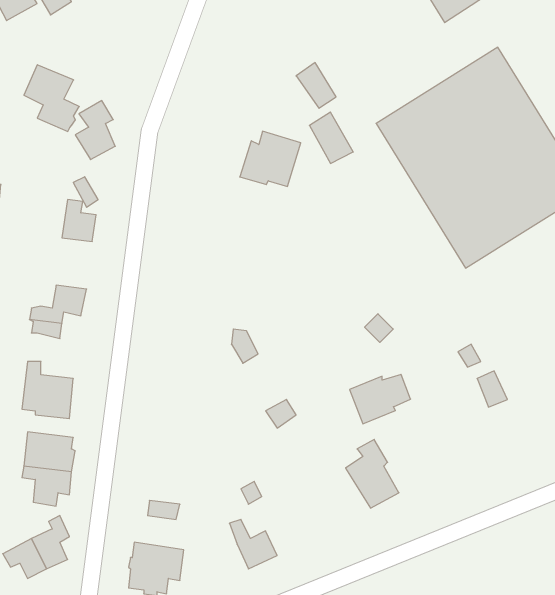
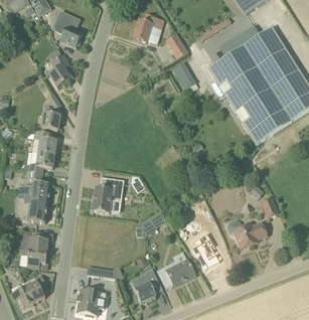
building: [24,65,79,131] -> [53,12,83,47]
building: [240,131,301,186] -> [133,13,165,42]
building: none -> [28,130,56,154]
building: none -> [92,177,125,212]
building: none -> [24,181,50,201]
building: [350,374,411,424] -> [235,222,267,249]
building: none -> [157,260,195,288]

